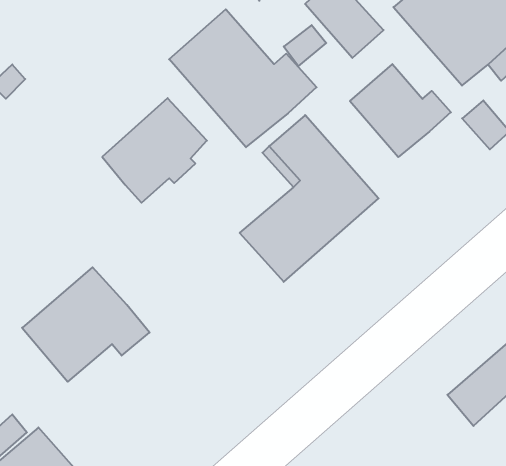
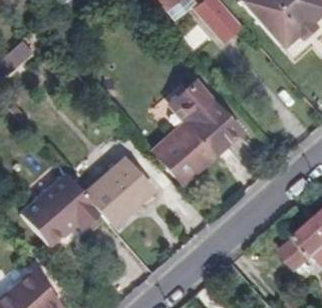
building: [169,9,317,147] -> none
building: [350,64,451,157] -> none
building: [102,98,207,203] -> [87,158,151,222]

